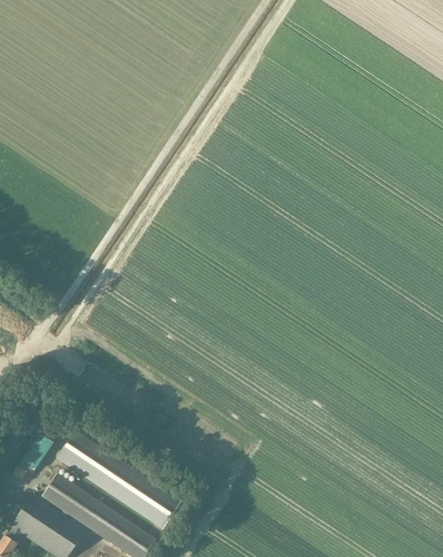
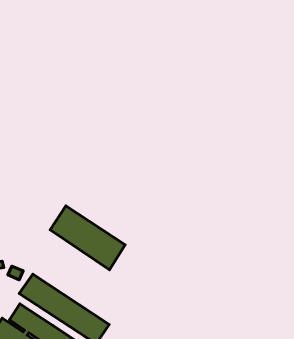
building: none -> [50,206,125,270]

